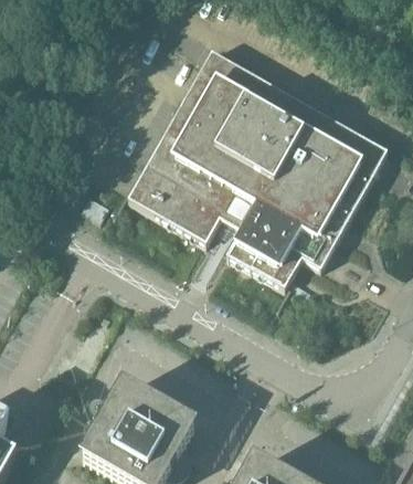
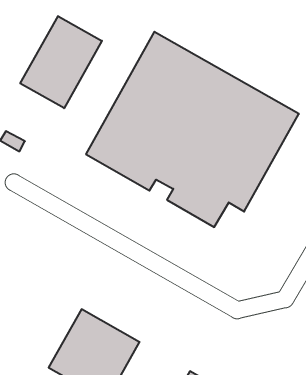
building: none -> [20,16,102,108]

